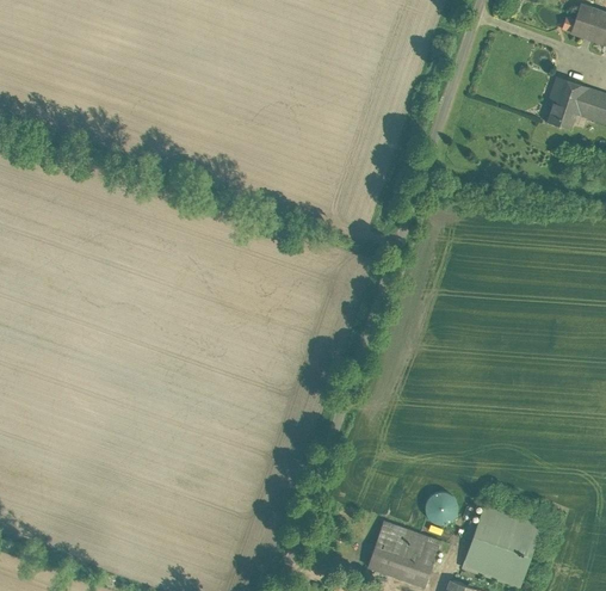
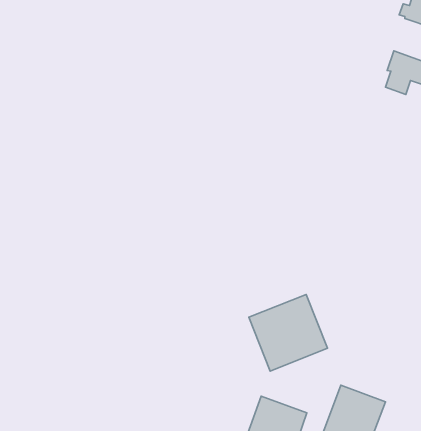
building: none -> [249,294,328,371]
building: [425,493,459,528] -> none

